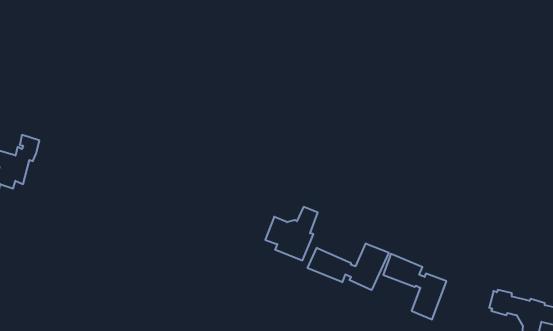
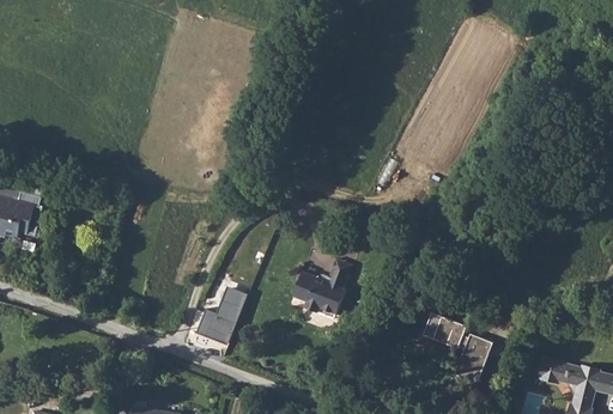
building: none -> [198,296,244,349]
building: [308,243,389,290] -> none

